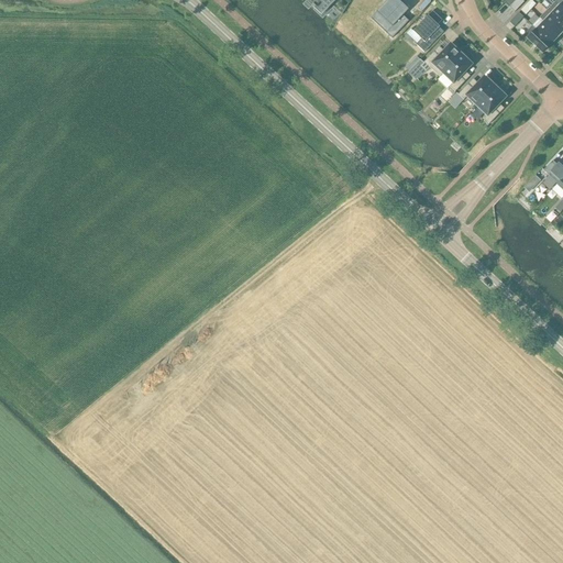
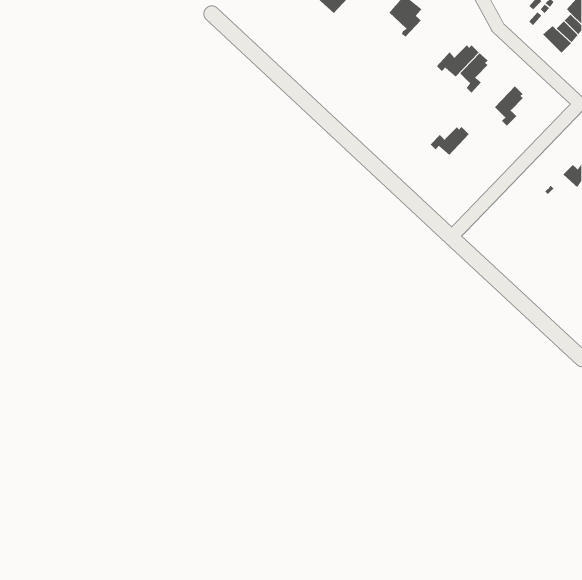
building: [411,9,442,49] -> none
building: [459,75,497,103] -> [430,126,470,156]

